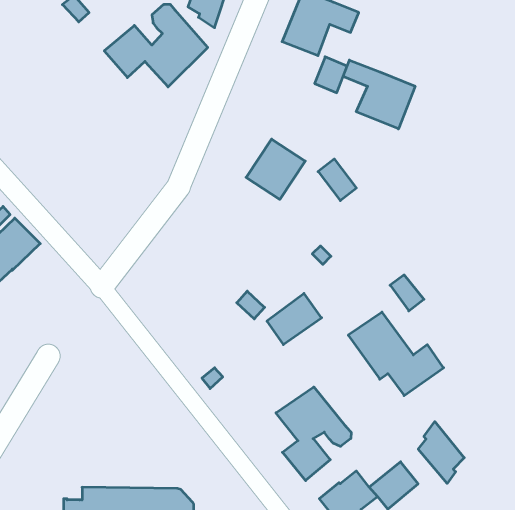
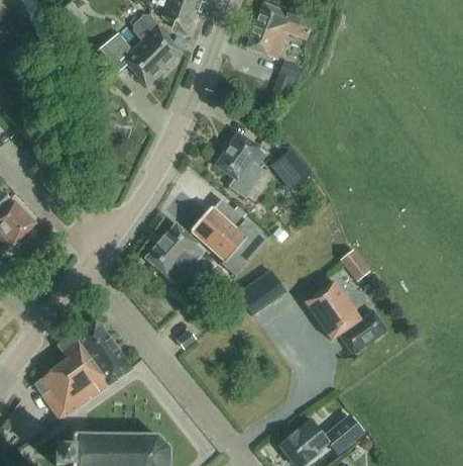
building: [343,60,415,129] -> none
building: none -> [191,198,266,276]
building: none -> [145,222,205,283]
building: none -> [34,317,131,418]
building: [276,387,351,481] -> none
building: [418,422,464,483] -> none

